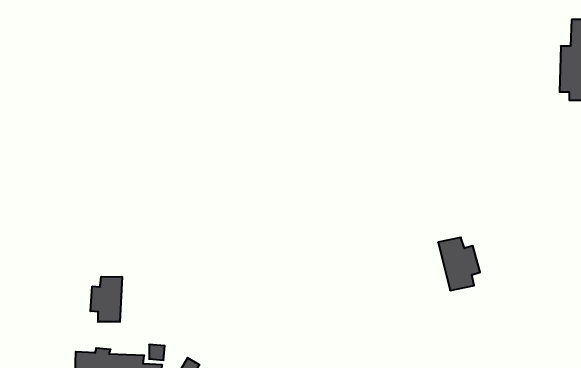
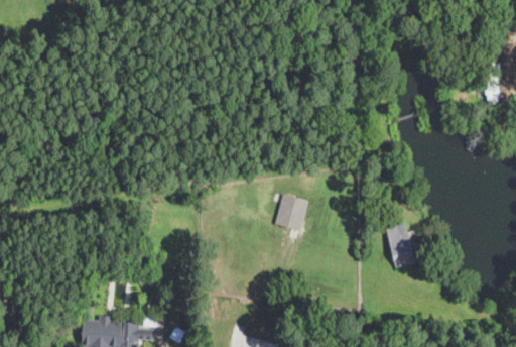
building: none -> [276,205,305,230]
building: [90,277,122,322] -> none

